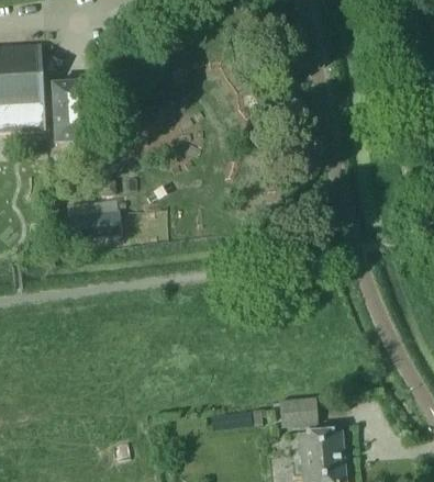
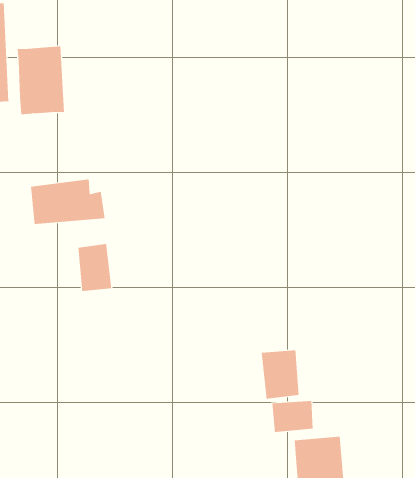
building: none -> [78,243,112,292]
building: none -> [261,349,299,400]

